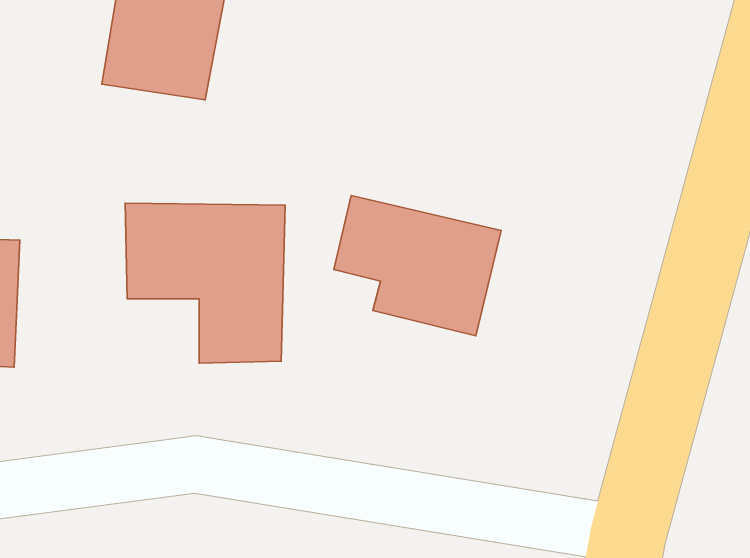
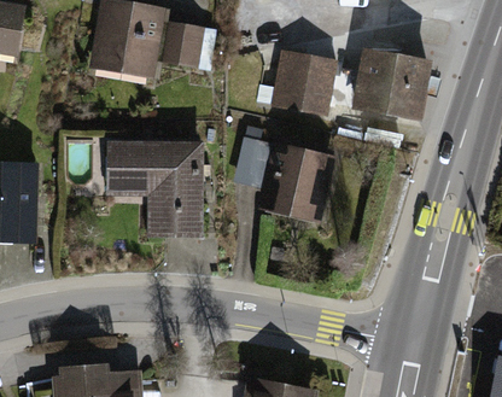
building: none -> [162,22,203,70]
building: none -> [351,47,431,121]
building: none -> [270,49,342,115]

